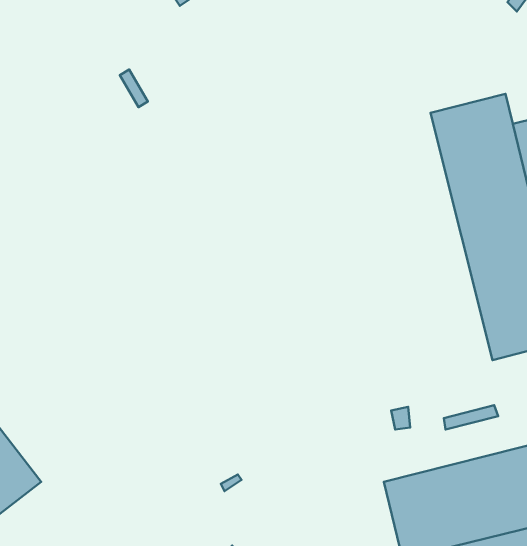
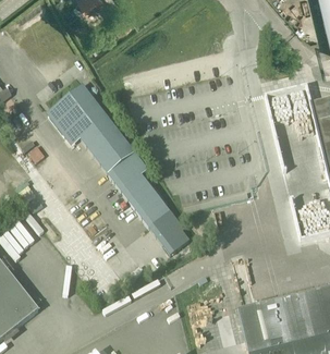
building: none -> [47,87,185,254]

